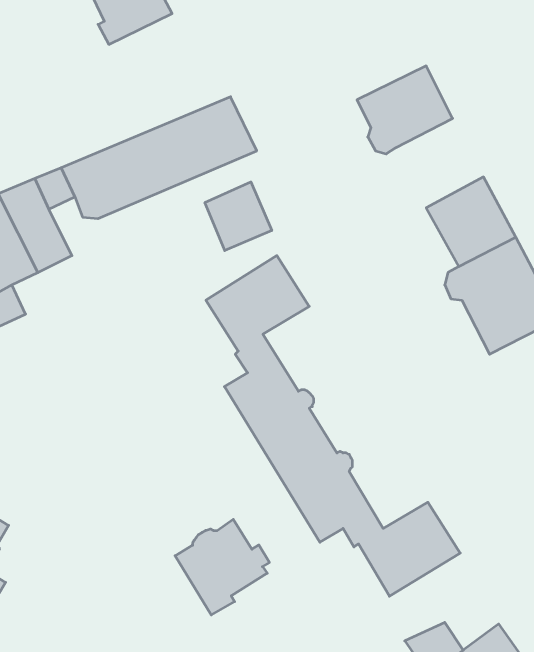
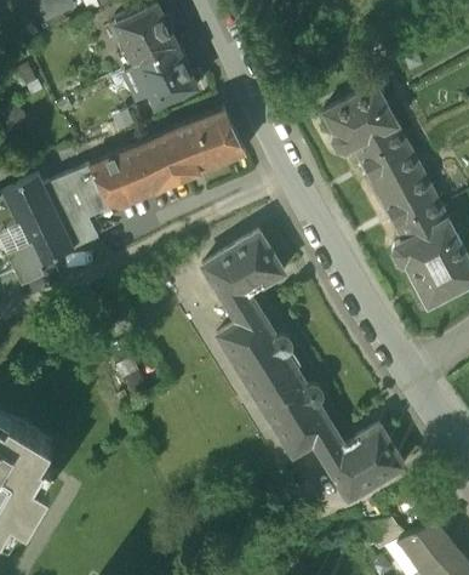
building: none -> [128,42,200,106]
building: none -> [354,126,423,197]
building: [205,182,272,251] -> none
building: [175,519,269,615] -> none

